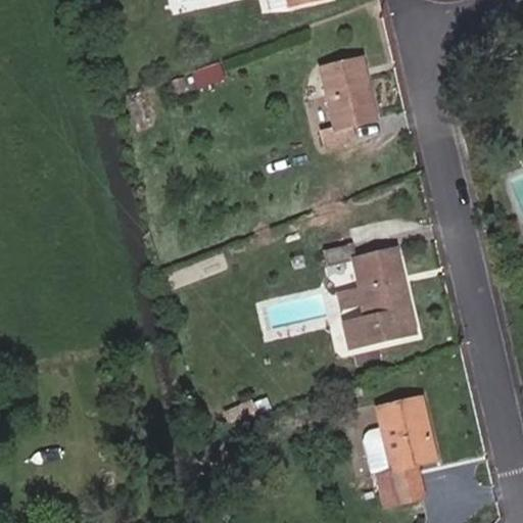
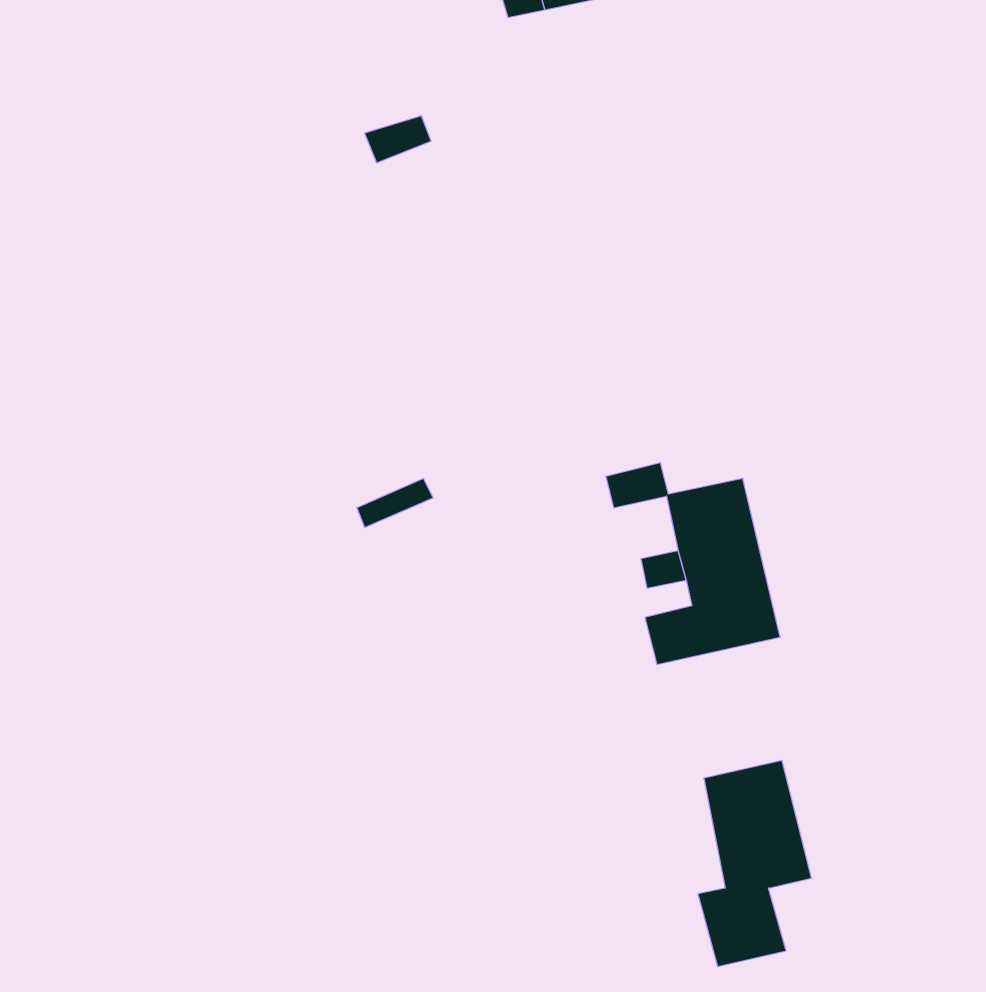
building: [323,56,380,150] -> none

